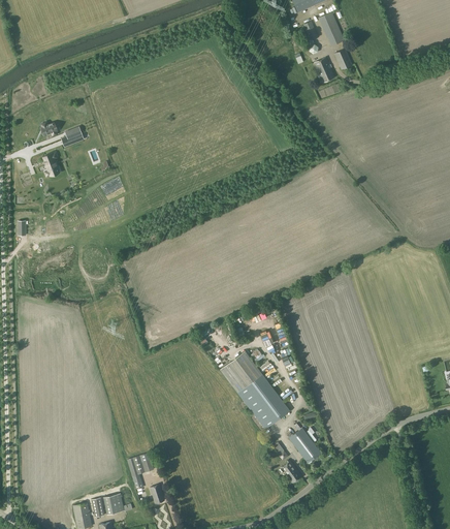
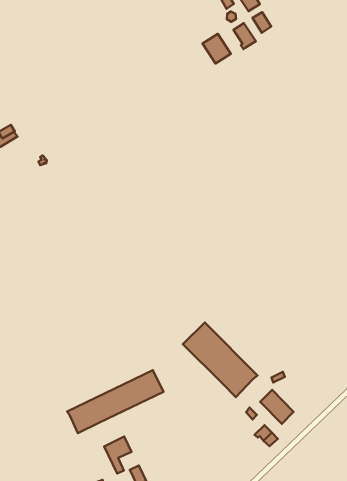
building: none -> [203,34,231,63]
building: none -> [67,370,163,433]

